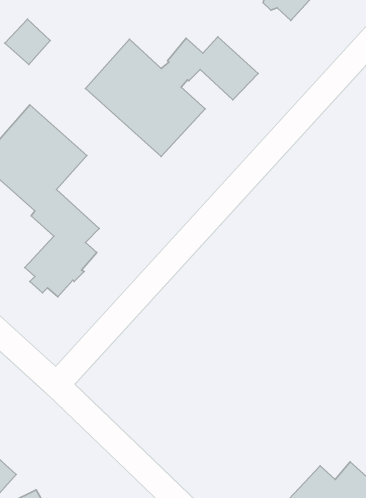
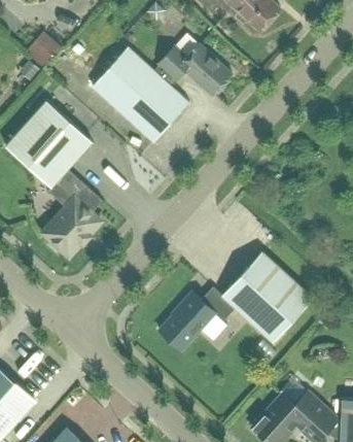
building: none -> [158,251,313,350]

